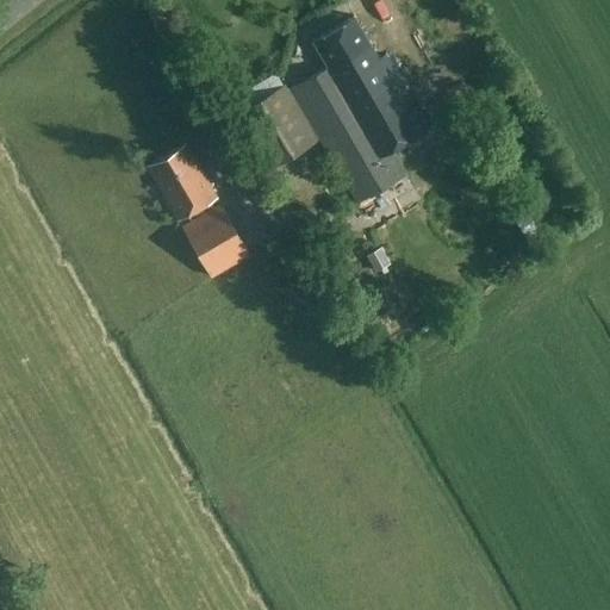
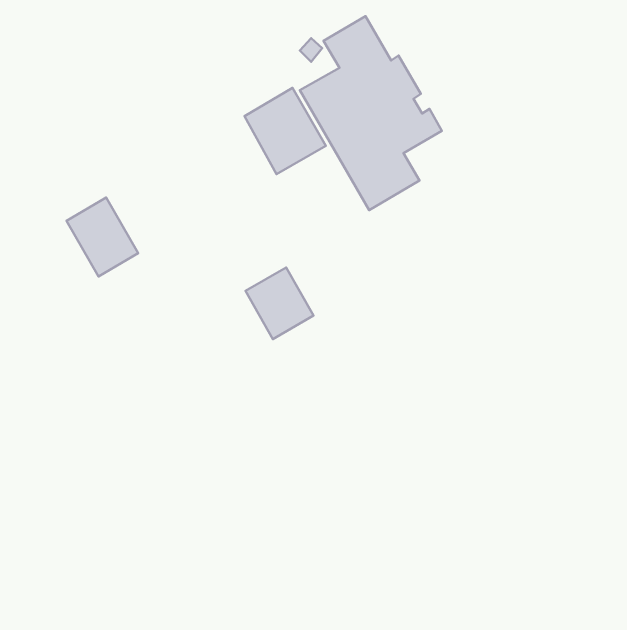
building: [150,144,219,220] -> [67,197,138,277]
building: [187,208,253,278] -> [246,267,313,339]

